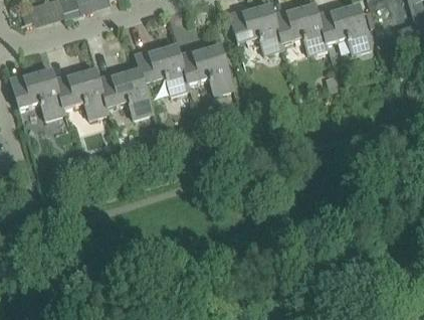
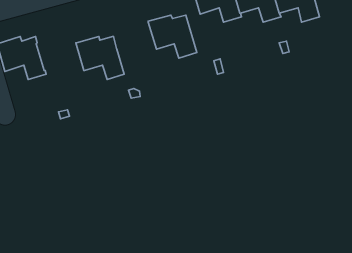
building: [135,45,190,94] -> none
building: [54,69,110,118] -> none

